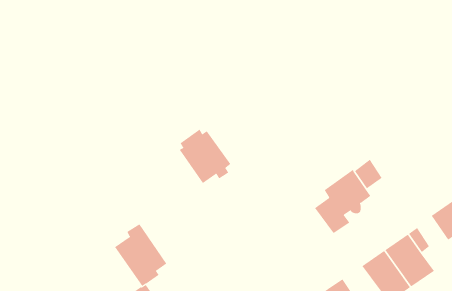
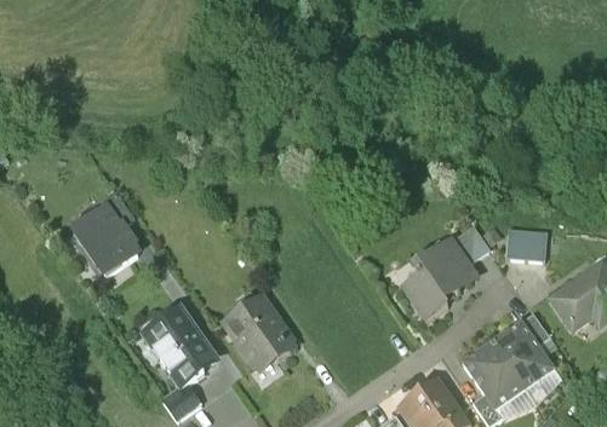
building: [179,129,231,184] -> [225,295,292,365]
building: none -> [74,207,138,276]
building: none -> [509,229,545,258]

